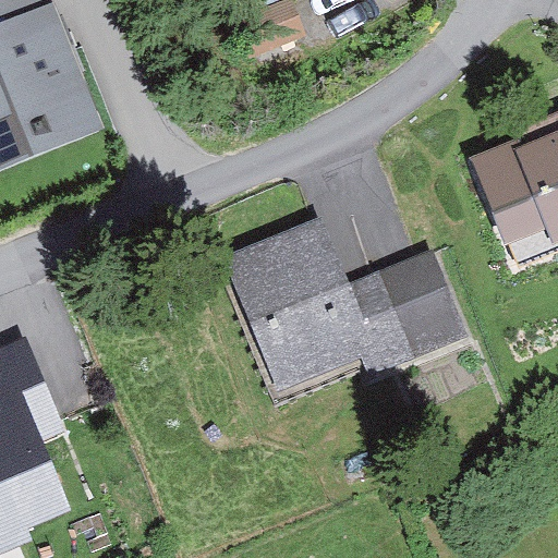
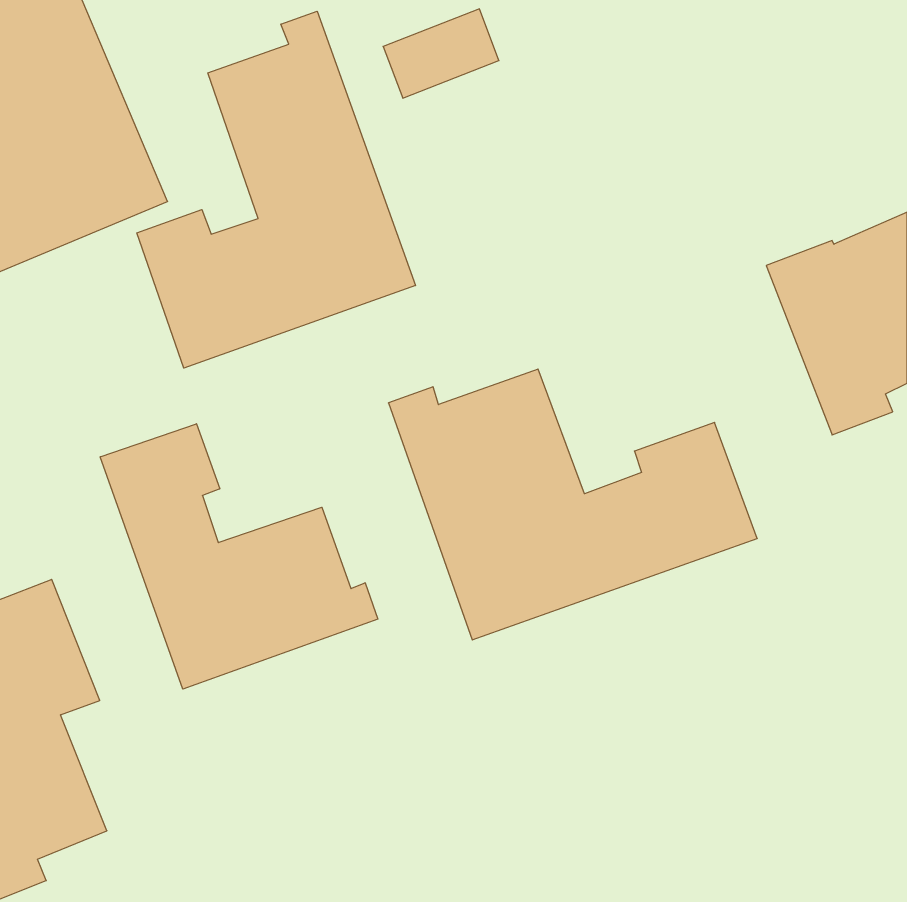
building: none -> [137,11,415,368]
building: none -> [100,424,378,689]

